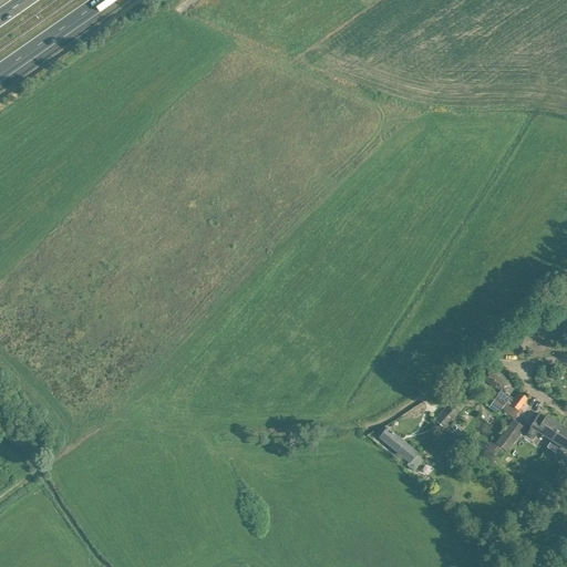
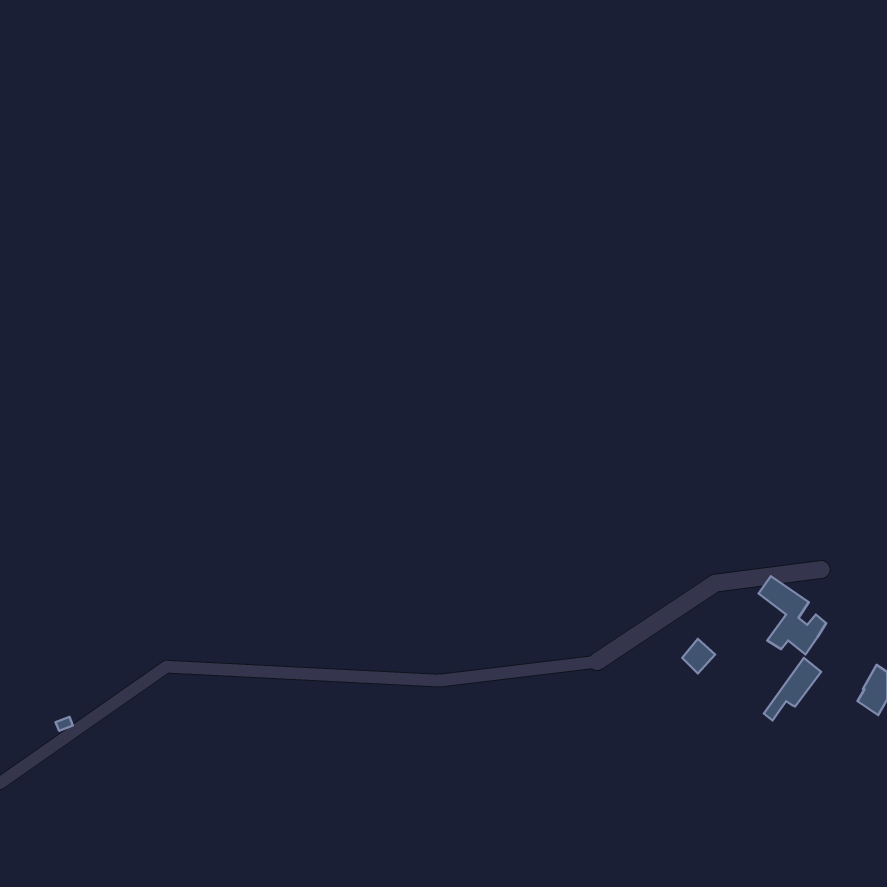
building: [526,415,559,440] -> none
building: [380,427,423,472] -> none

